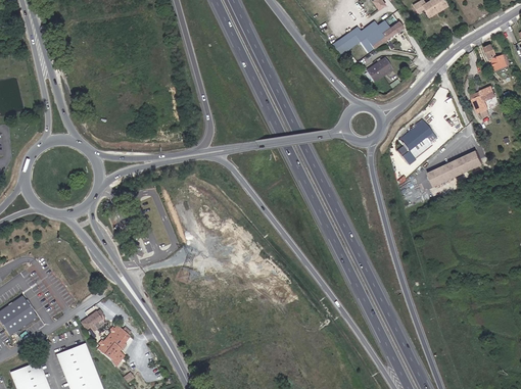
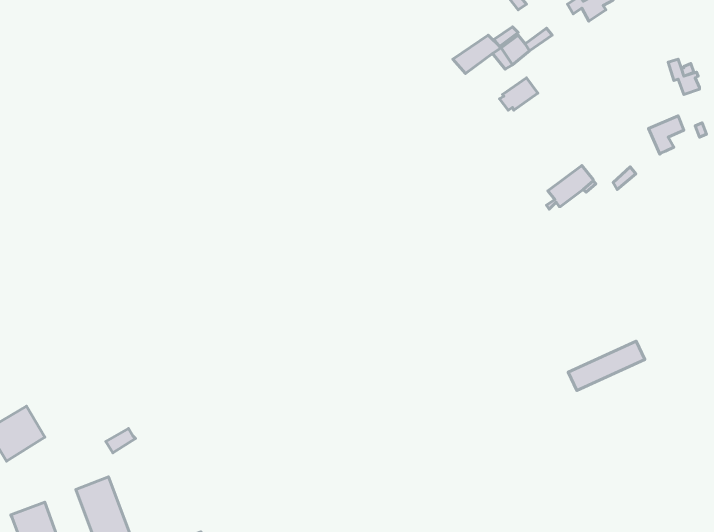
building: [429,151,484,187] -> [568,341,645,391]
building: [98,326,131,366] -> none

